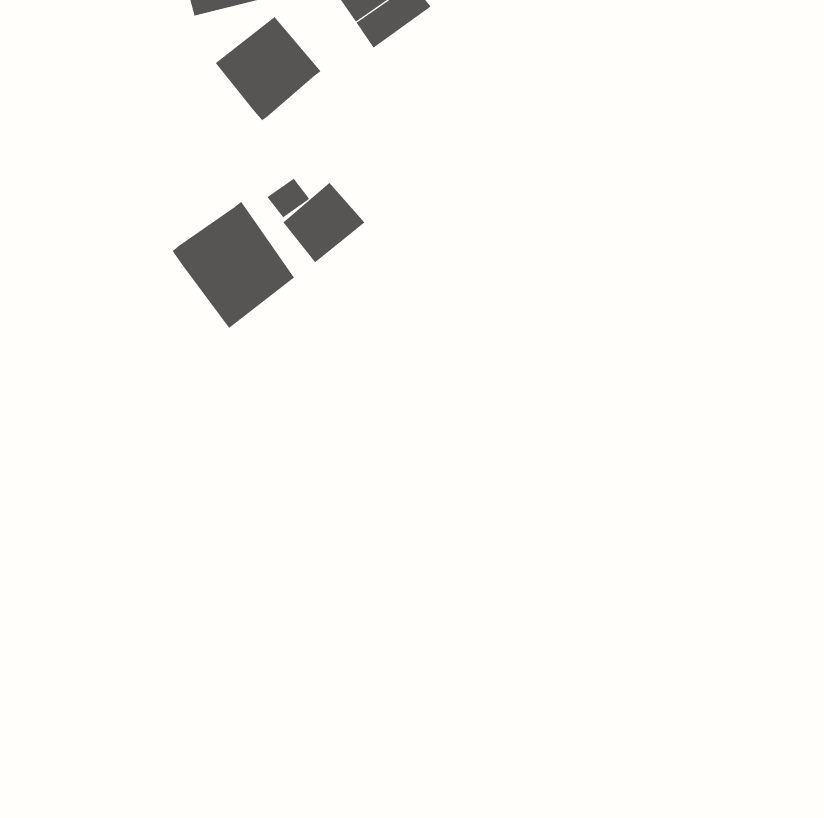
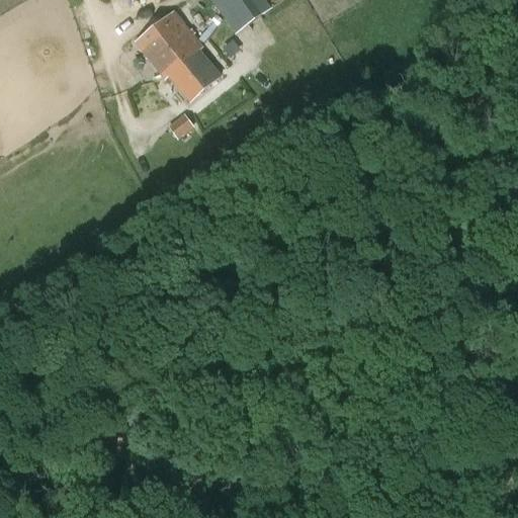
building: [283,182,365,263] -> [168,48,220,98]
building: [172,201,295,329] -> none

